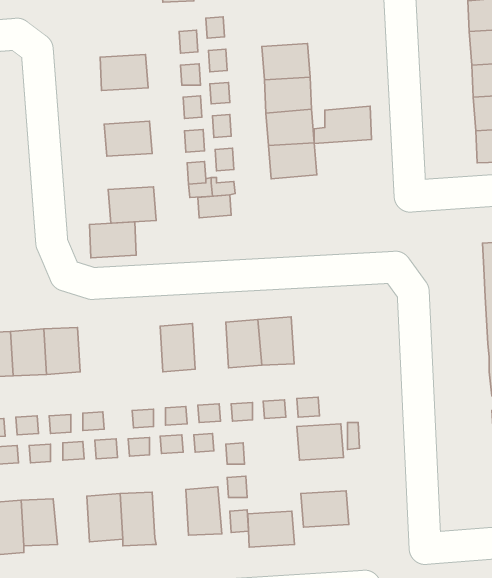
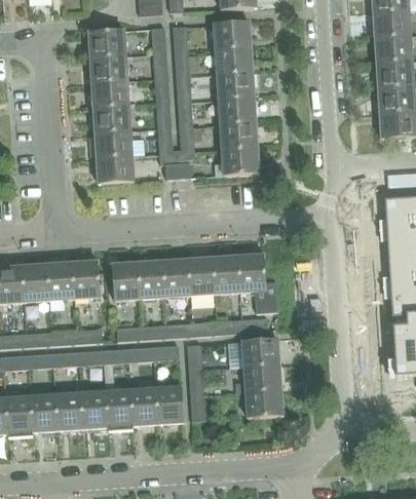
building: none -> [214,21,251,48]
building: none -> [89,30,126,56]
building: none -> [92,80,129,108]
building: [314,106,372,144] -> [215,147,259,176]
building: [89,222,136,258] -> [97,130,133,158]
building: none -> [238,255,277,312]
building: none -> [162,260,190,296]
building: none -> [74,262,101,298]
building: none -> [112,263,140,300]
building: none -> [131,388,159,425]
building: none -> [55,393,83,430]
building: [248,511,295,547] -> [244,363,280,391]

